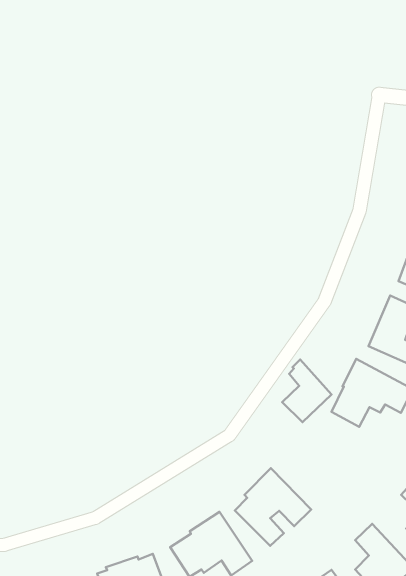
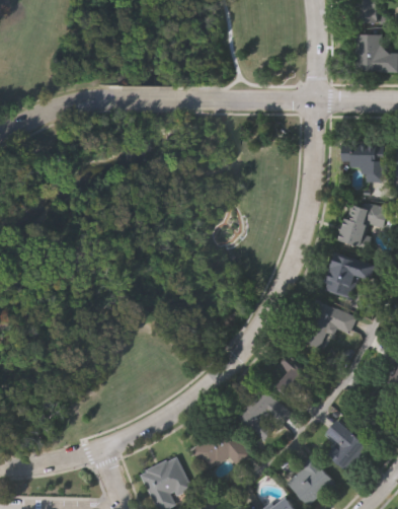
building: [282,360,331,422] -> [275,355,311,401]

